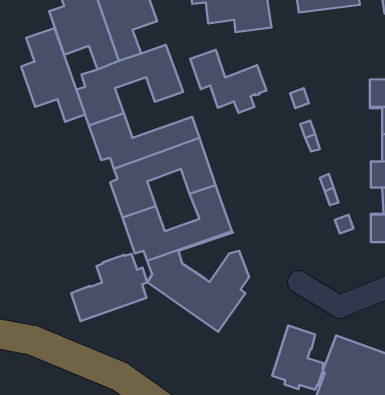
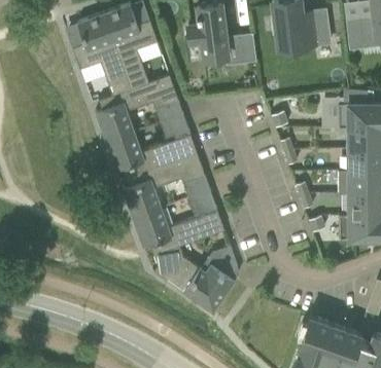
building: [21,28,85,122] -> none
building: [190,50,266,113] -> none
building: [71,254,147,321] -> none
building: [272,325,324,390] -> none

